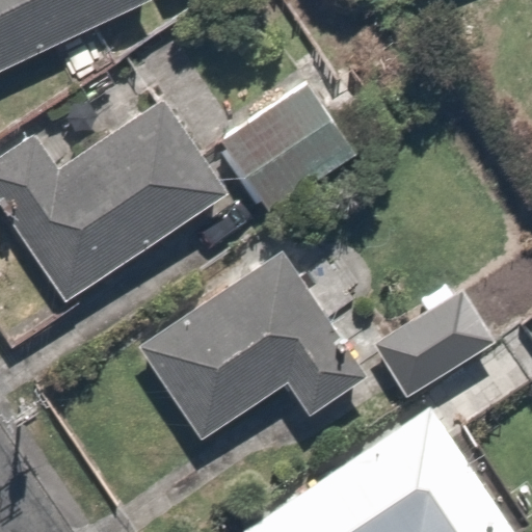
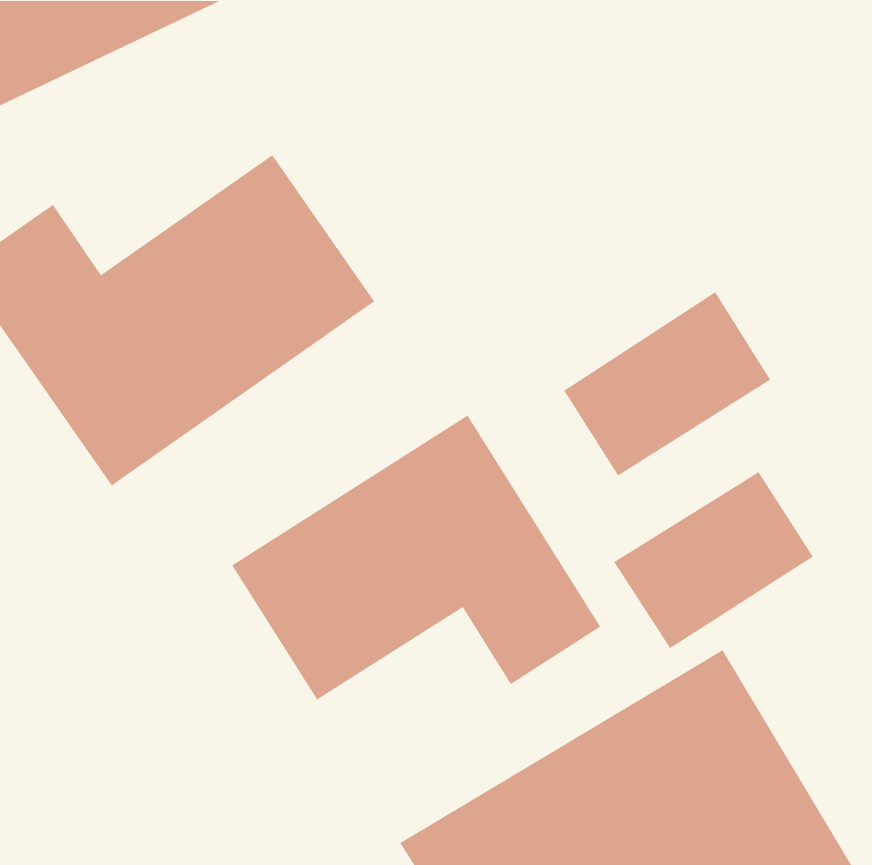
building: [213,75,363,219] -> none
building: none -> [563,291,771,477]

